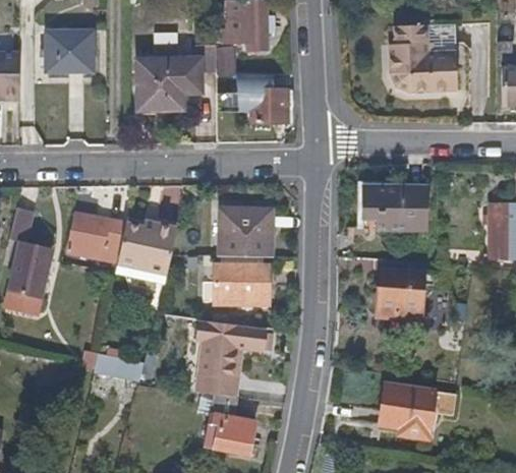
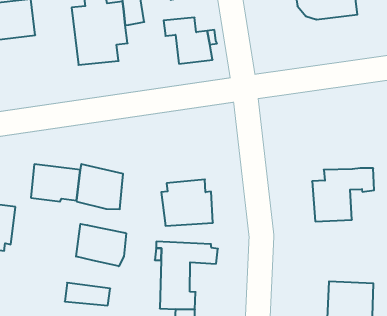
building: [363,187,425,229] -> none
building: [220,210,269,254] -> none
building: none -> [76,224,126,266]

